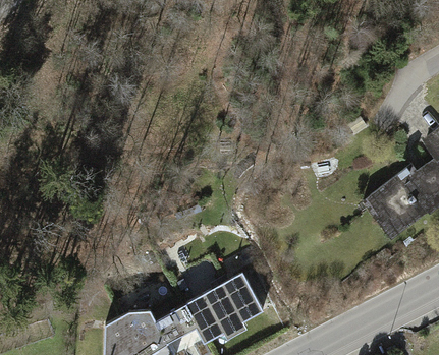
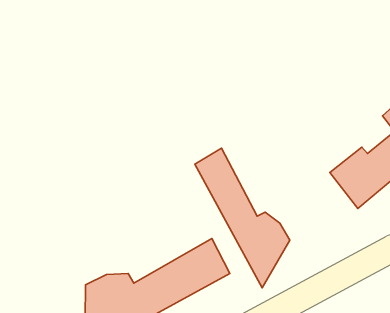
building: none -> [195,148,290,288]

